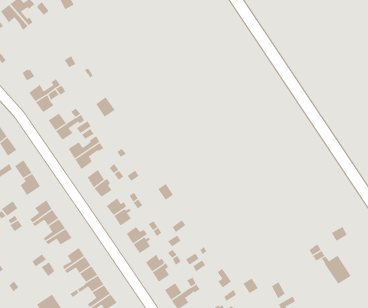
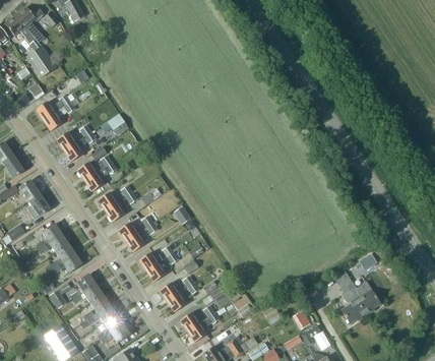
building: none -> [25,40,56,77]
building: none -> [340,290,365,323]

